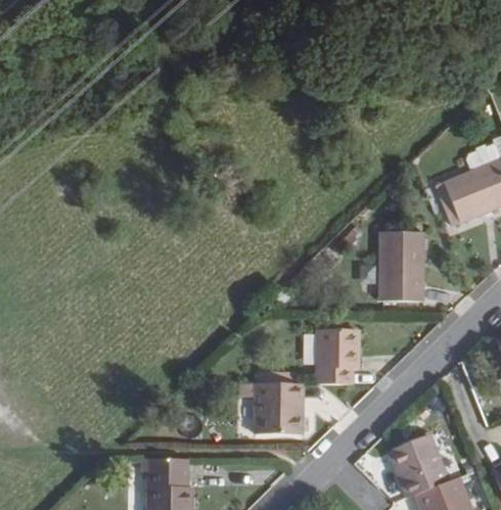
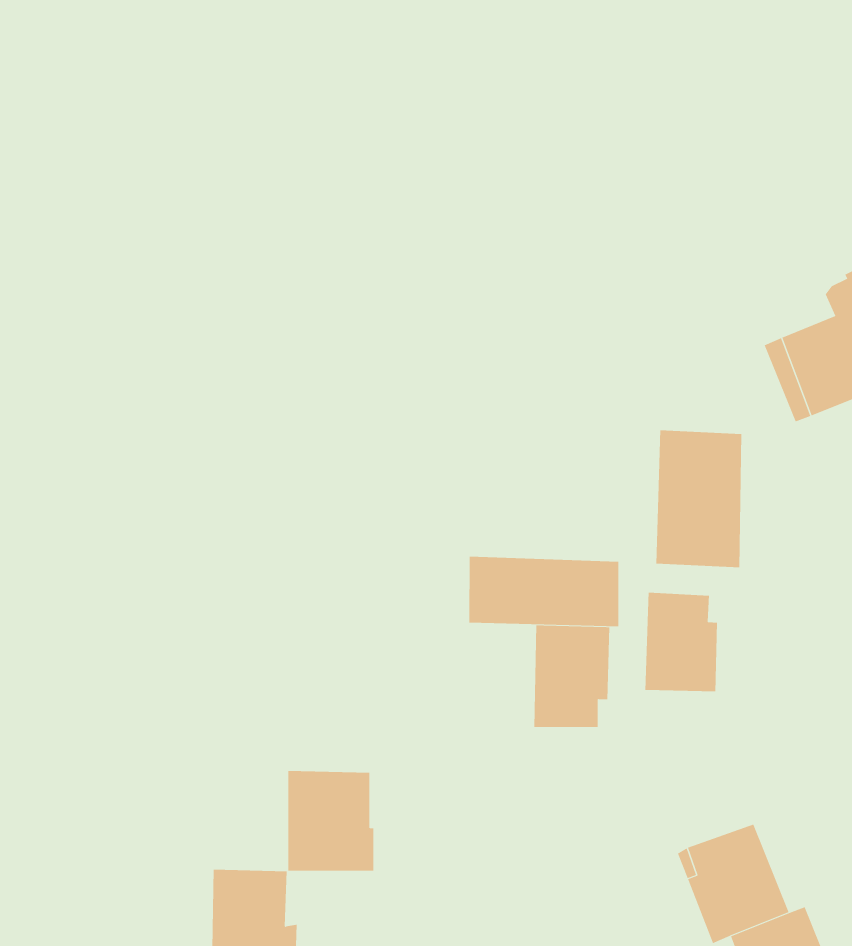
building: none -> [469,556,619,627]
building: none -> [645,592,718,692]
building: [255,383,300,435] -> [288,771,374,871]

